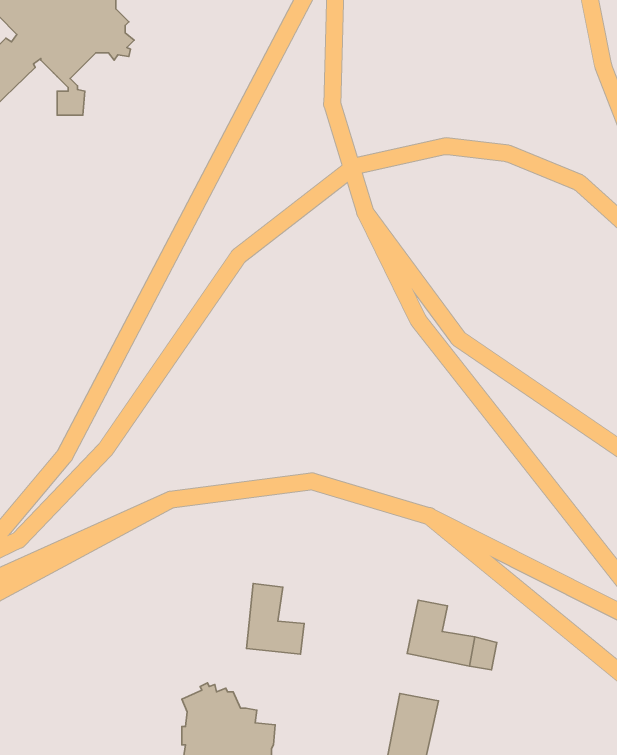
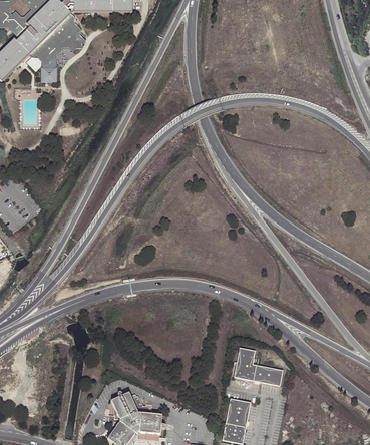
building: [246,584,304,654] -> none

